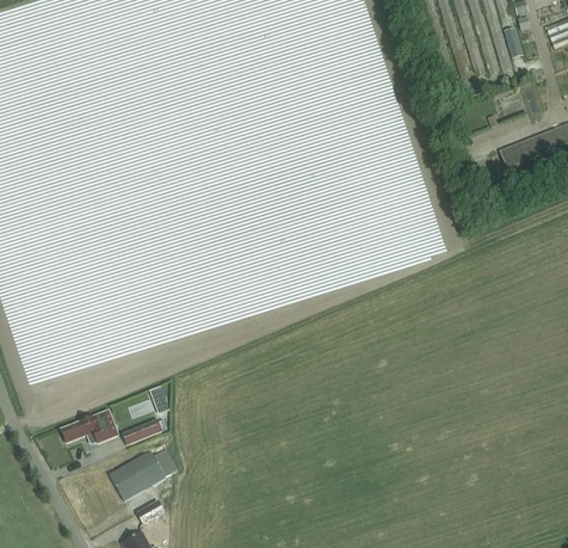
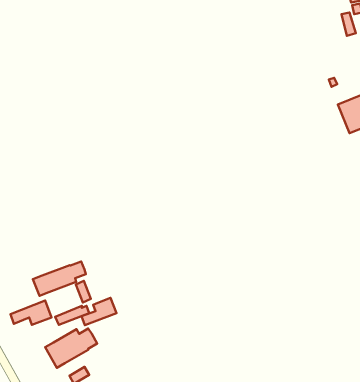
building: none -> [33,262,86,296]
building: none -> [81,298,117,325]

